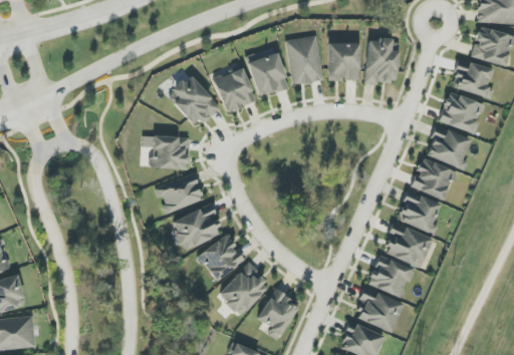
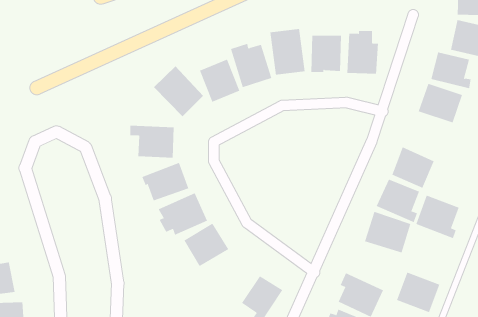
building: [426,125,471,170] -> [416,195,459,239]
building: [368,256,414,298] -> [396,272,440,313]
building: [219,264,271,316] -> none

